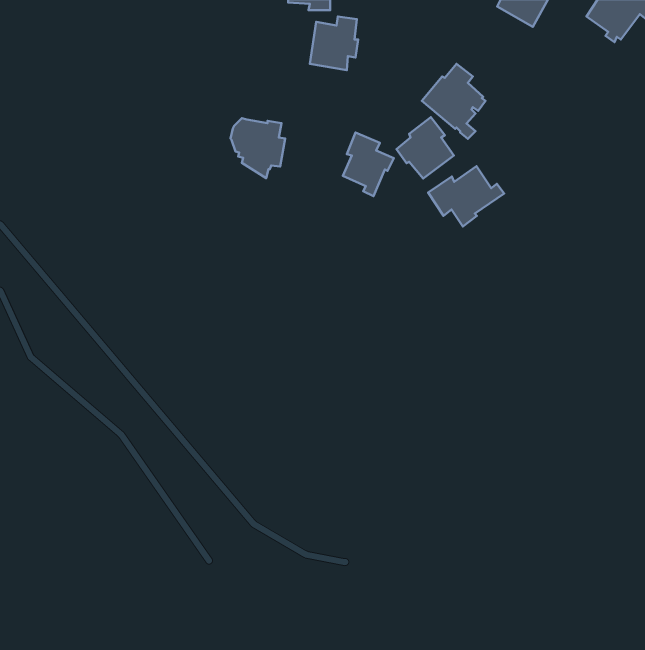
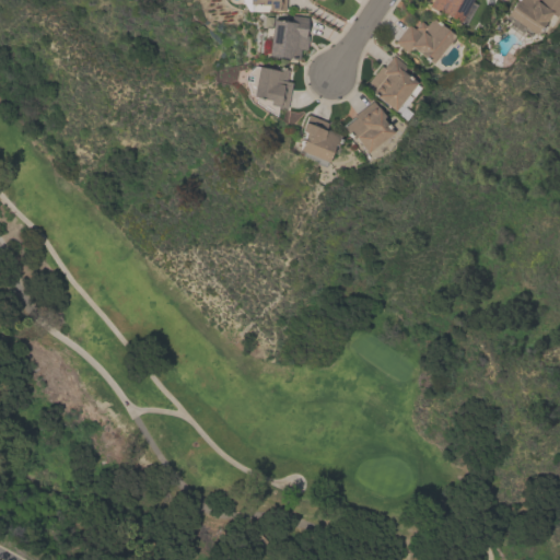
building: none -> [397,18,458,63]
building: [230,118,285,178] -> [247,65,294,116]
building: [428,166,504,226] -> none

